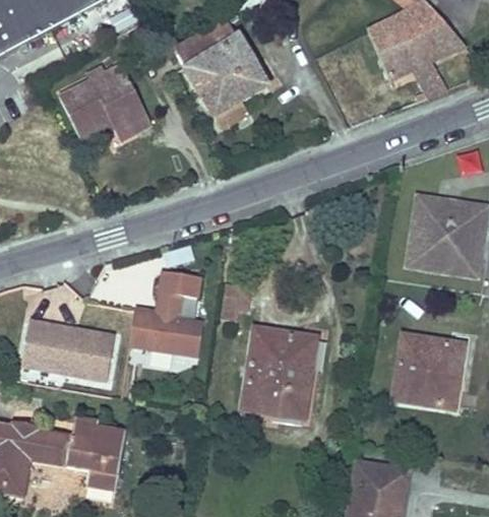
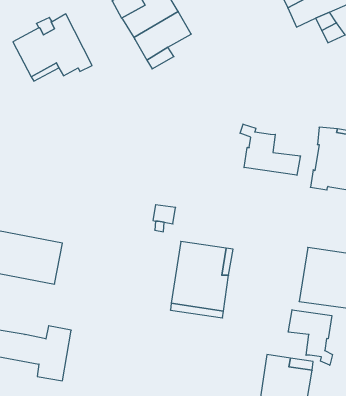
building: none -> [240,124,301,175]
building: [131,268,204,354] -> none
building: none -> [288,310,333,365]

